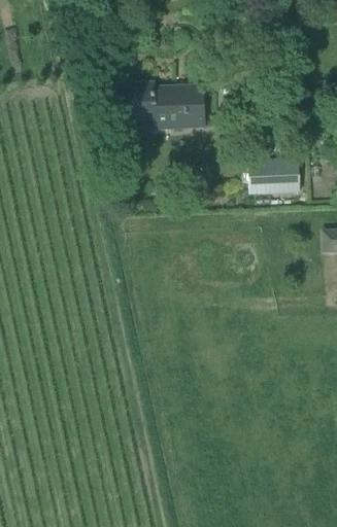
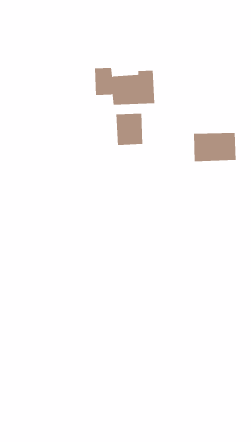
building: none -> [116,113,143,146]

